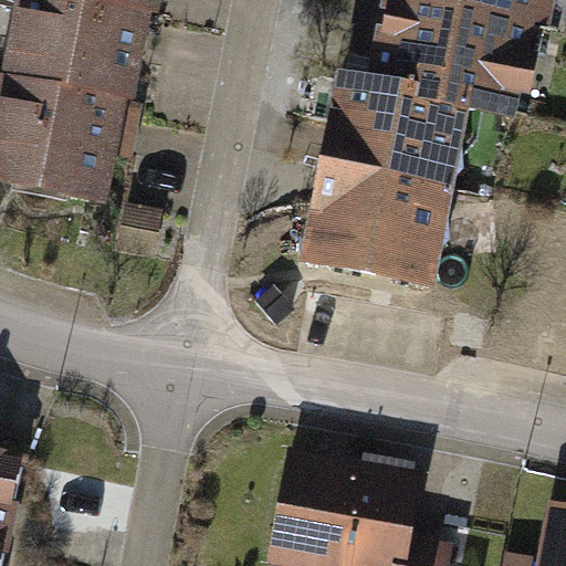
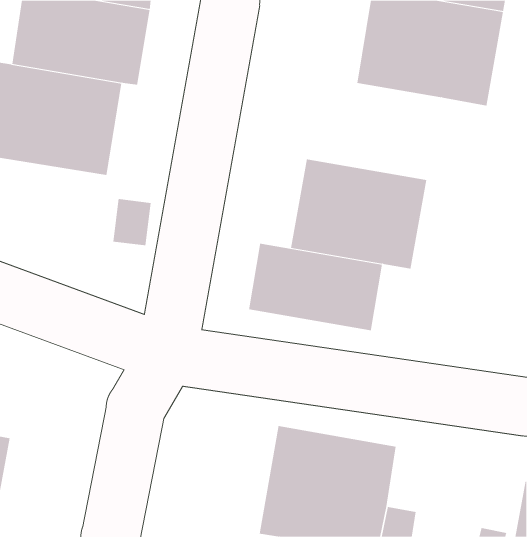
building: [322,81,464,189] -> none
building: none -> [248,243,383,331]

